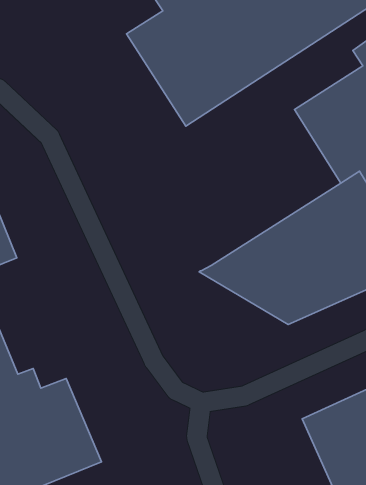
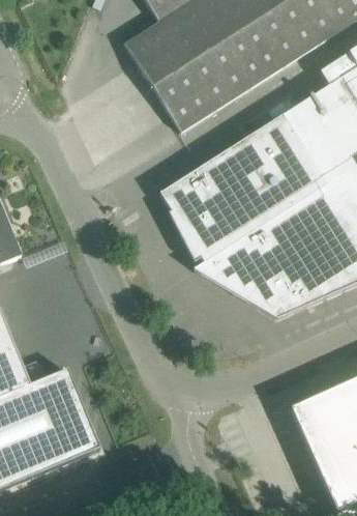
building: none -> [160,114,327,261]

